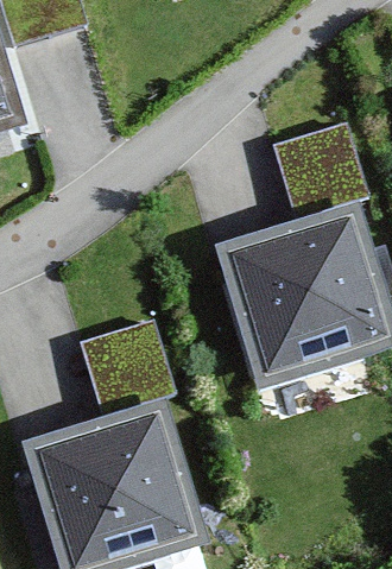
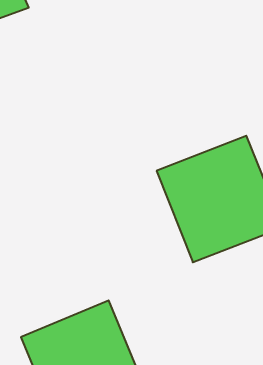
building: [276,129,367,220] -> none
building: [82,324,175,418] -> none

